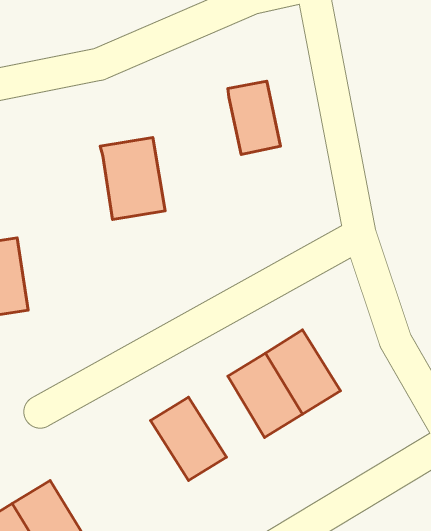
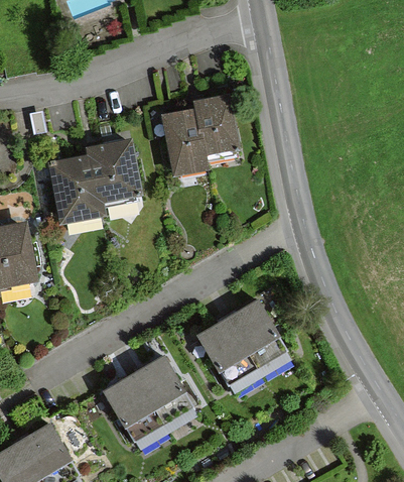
building: none -> [162,107,209,172]
building: none -> [49,155,103,226]
building: none -> [101,373,163,442]

